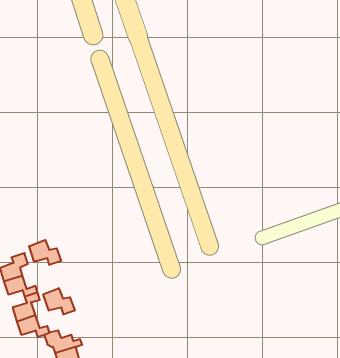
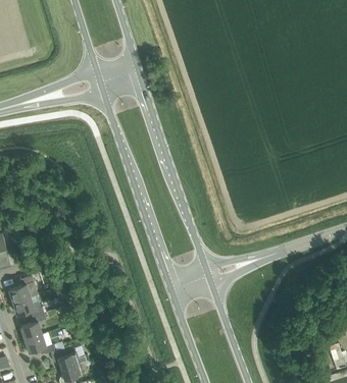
building: [29,240,61,265] -> none
building: [43,288,75,314] -> none

